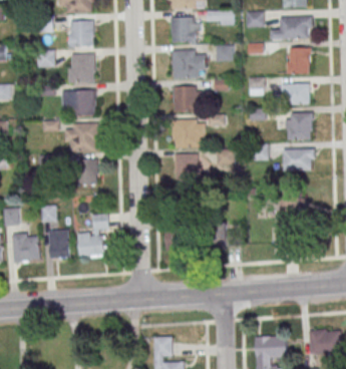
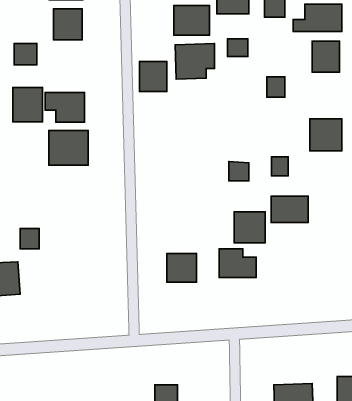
building: [68,53,93,82] -> [13,87,42,122]
building: [281,83,309,104] -> none
building: [174,86,197,111] -> [140,62,167,91]
building: [171,118,203,147] -> none
building: [282,148,313,170] -> [271,196,308,223]
building: [174,153,200,179] -> [234,212,265,243]
building: [74,159,95,186] -> none
building: [77,214,108,257] -> none
building: [48,230,70,259] -> none

